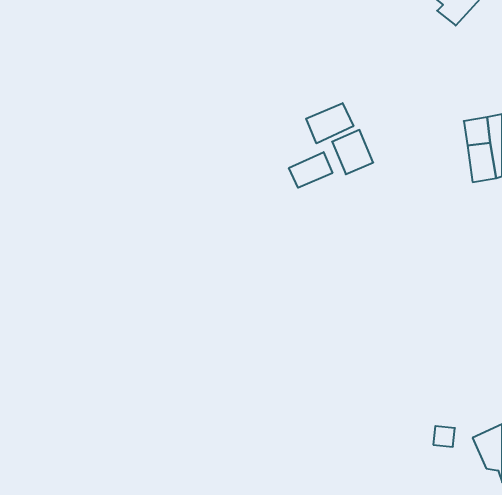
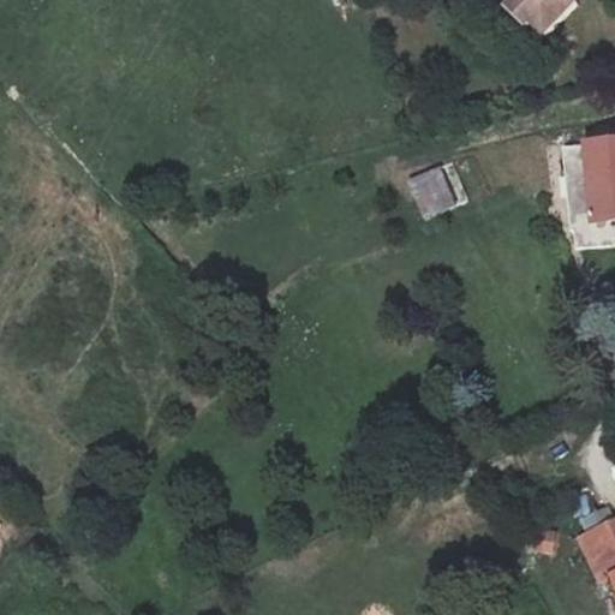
building: [306,103,353,143] -> none
building: [289,152,332,188] -> none

